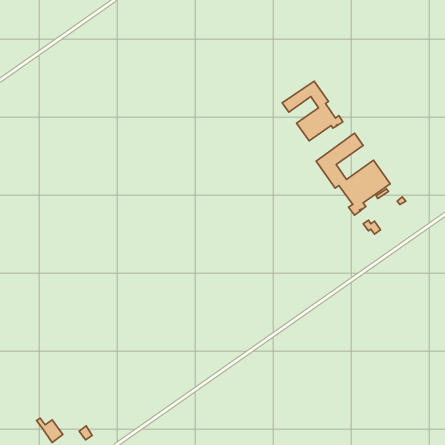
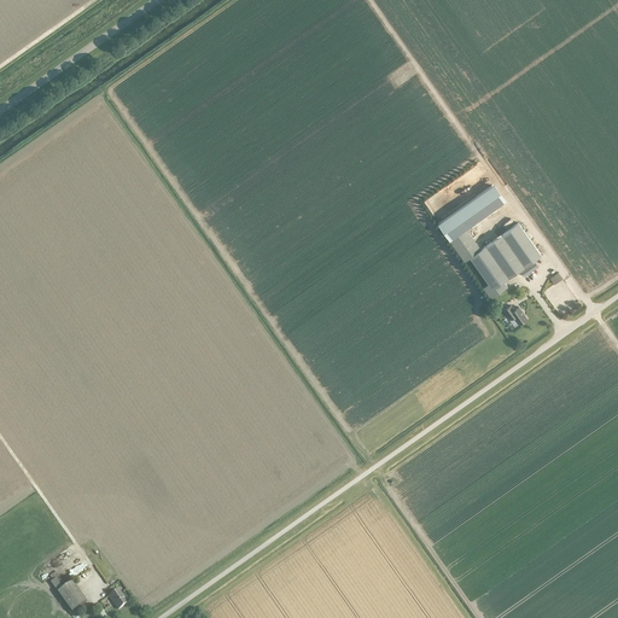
building: [282,81,343,141] -> none

